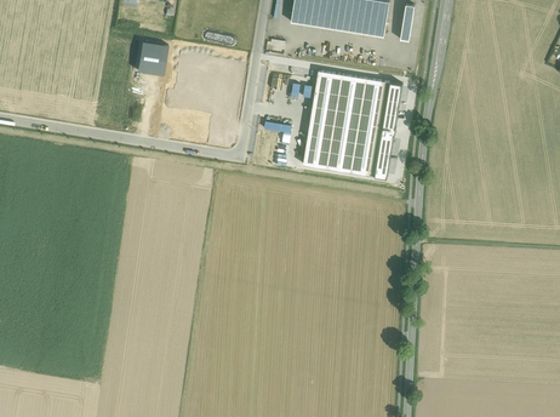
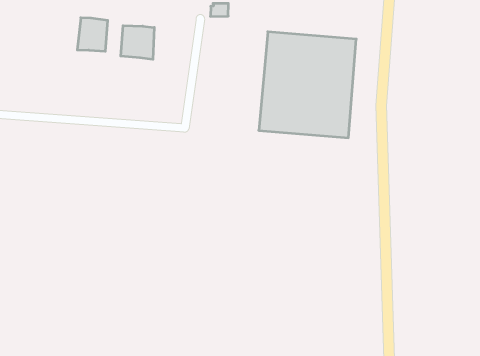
building: none -> [121,26,154,59]

